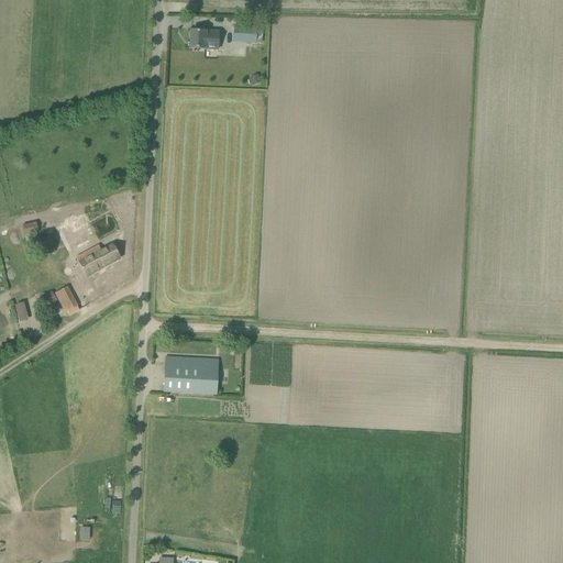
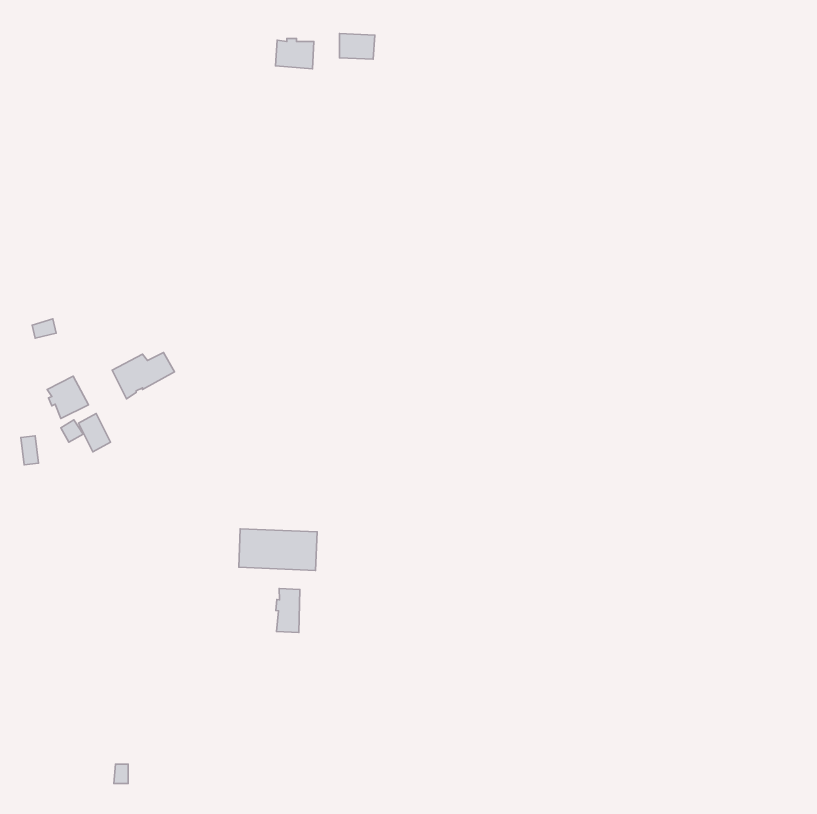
building: none -> [47,376,89,419]
building: none -> [276,588,300,633]

